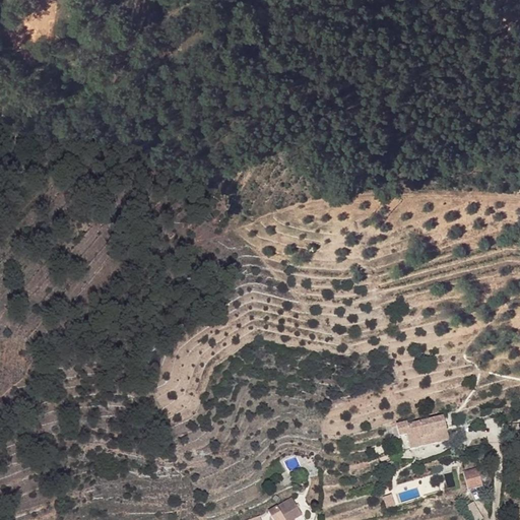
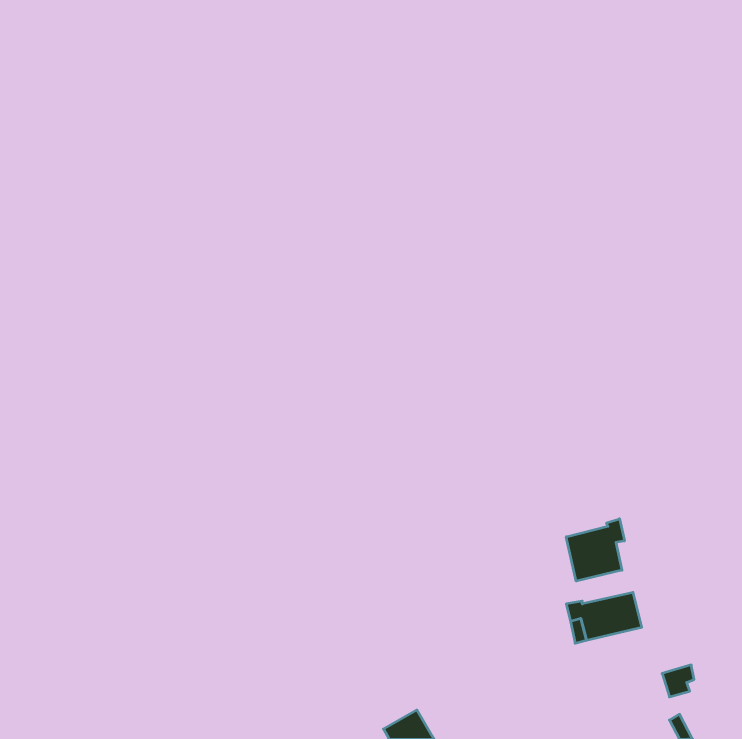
building: none -> [566,519,624,581]

